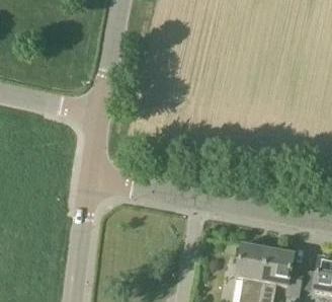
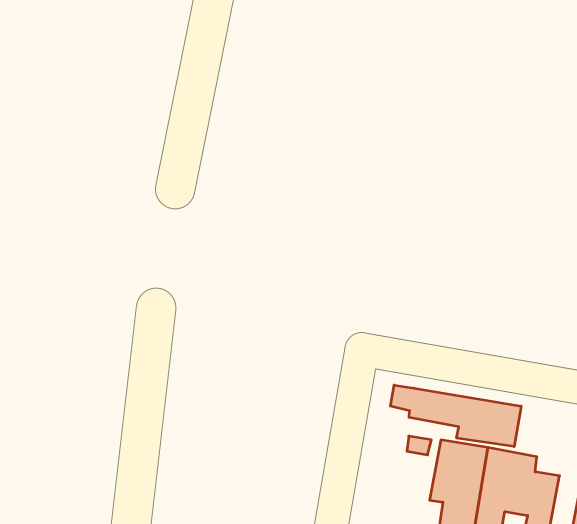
building: none -> [390,385,521,447]

